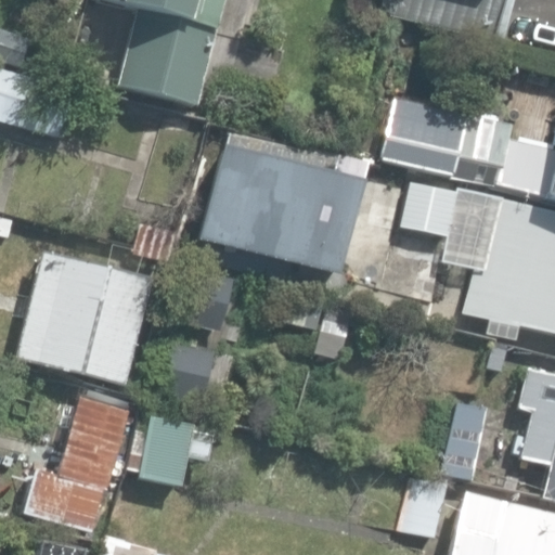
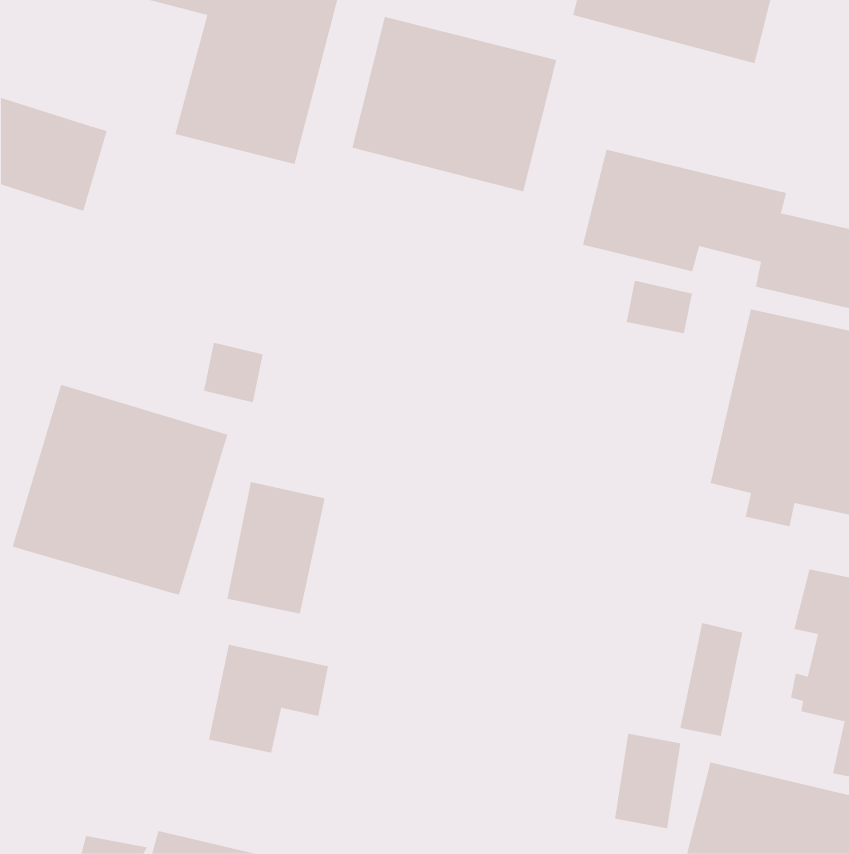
building: none -> [352,16,557,192]
building: [199,133,359,275] -> none
building: [23,398,130,531] -> none

